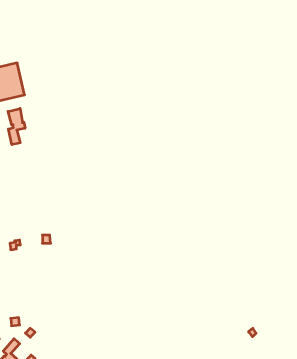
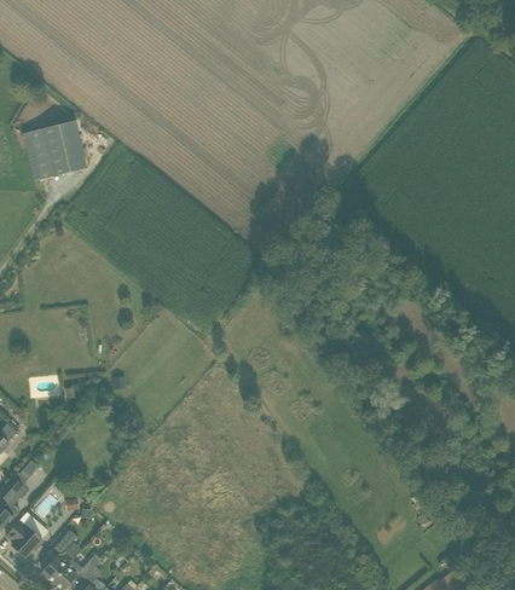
building: [8,108,25,145] -> none

